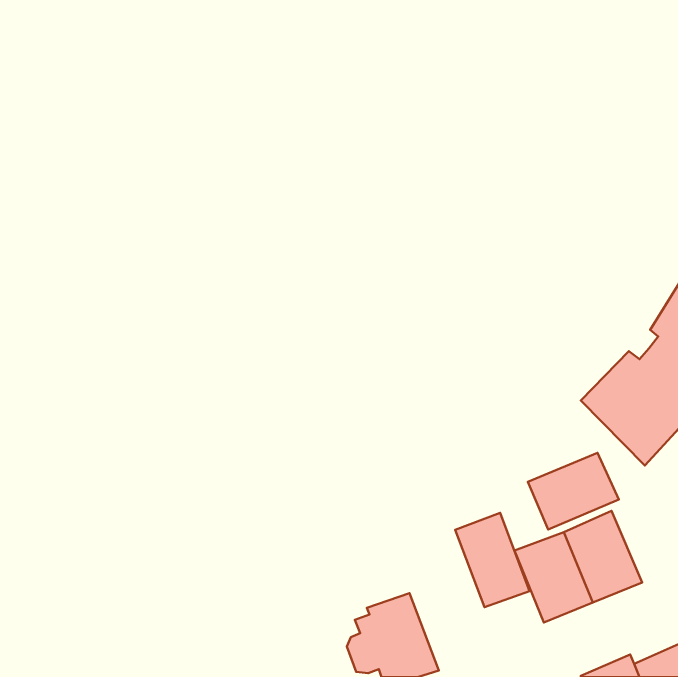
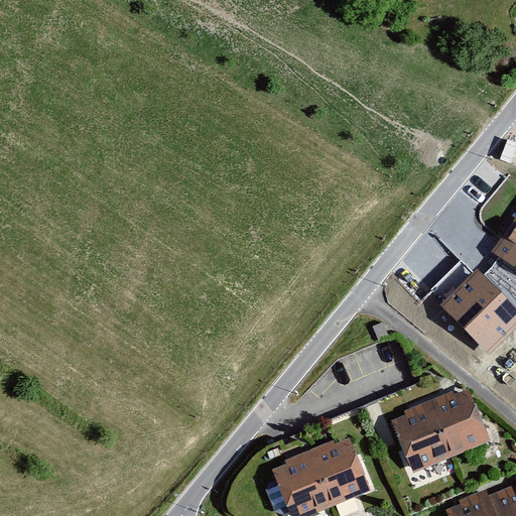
building: [528,453,619,529] -> none
building: [455,513,530,607] -> [311,436,368,508]

